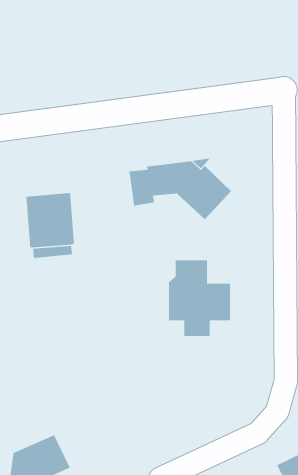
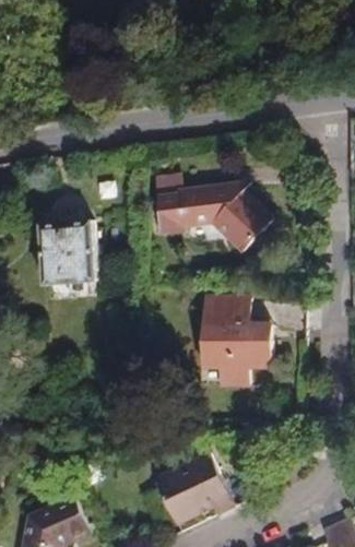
building: none -> [153,451,234,524]

